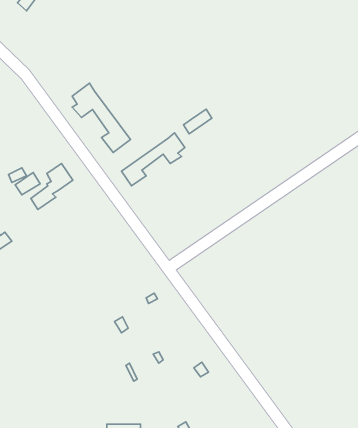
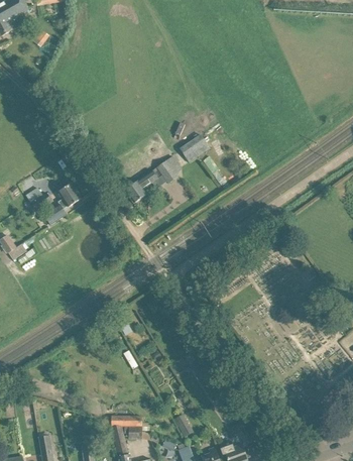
building: [72,83,130,153] -> none

